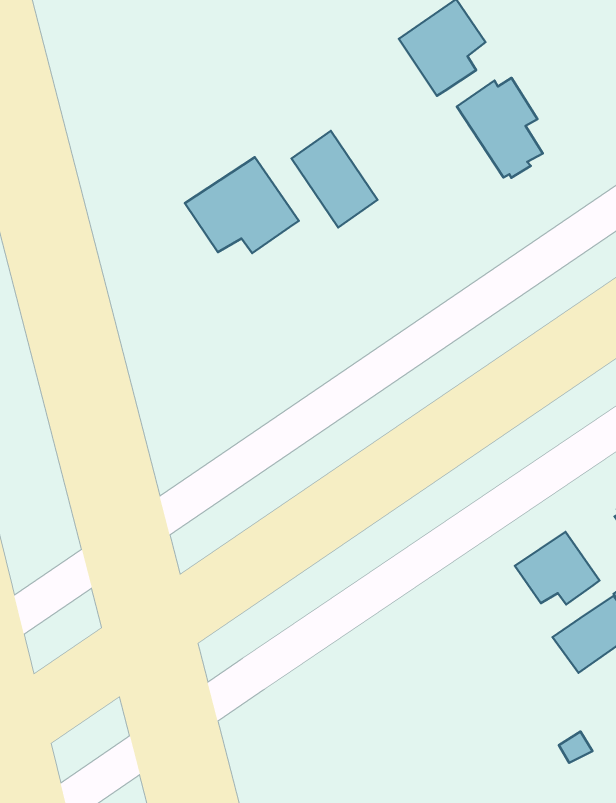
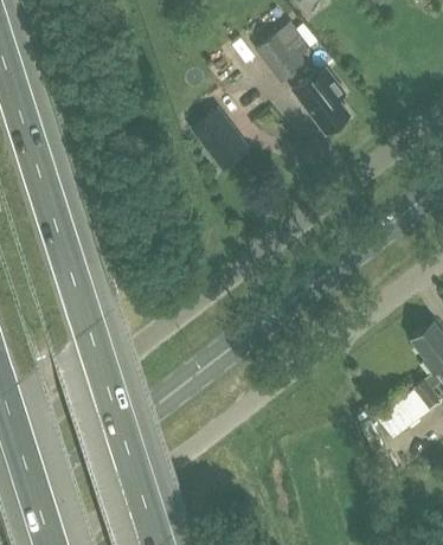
building: [185,157,299,253] -> none
building: [515,532,600,604] -> none

